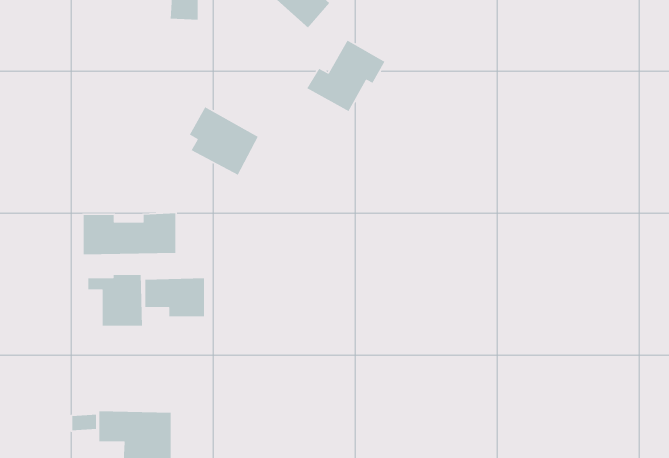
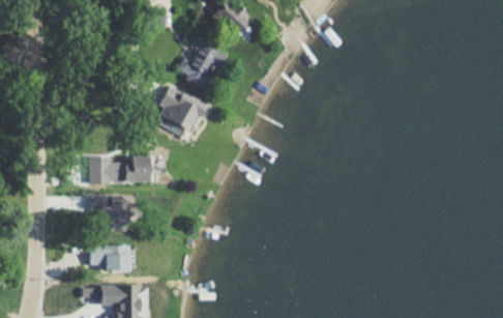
building: [306,39,385,112] -> [176,38,228,86]
building: [145,278,205,317] -> [90,244,129,270]

